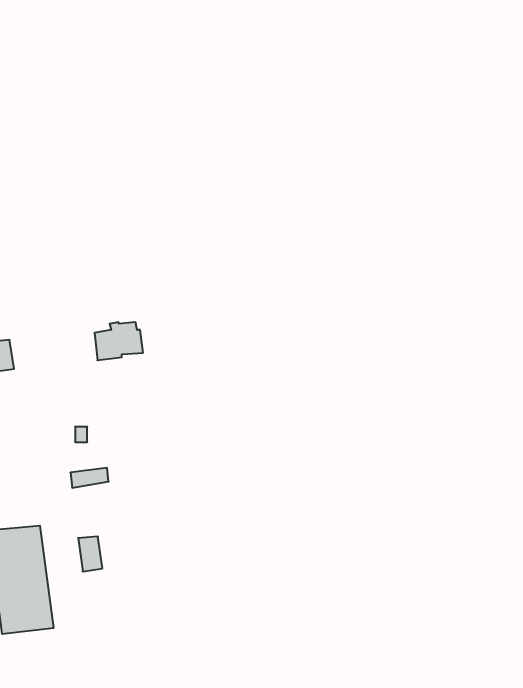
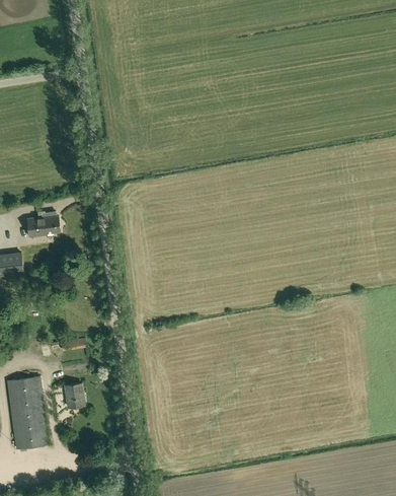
building: [94,322,143,360] -> [27,211,60,236]

